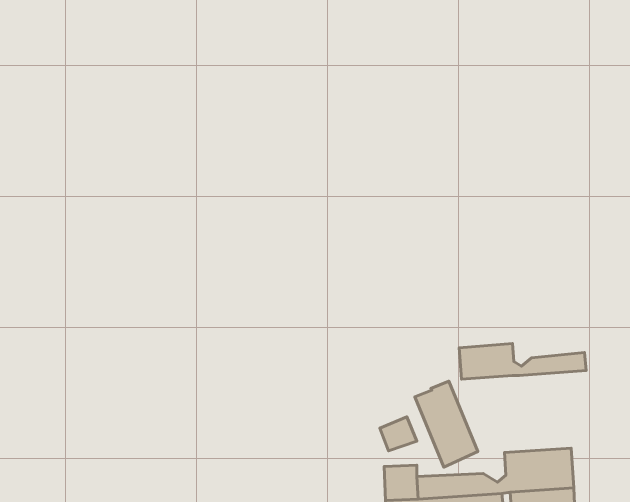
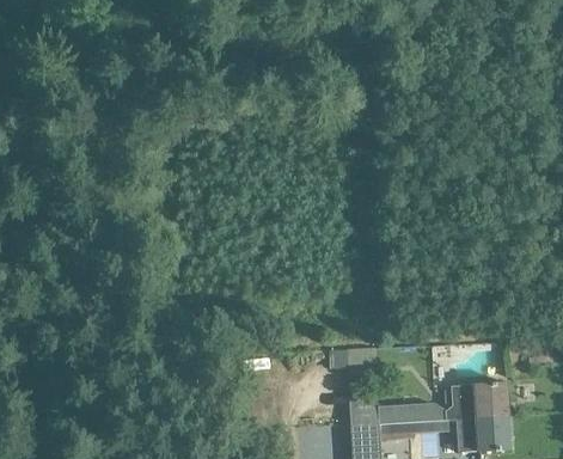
building: [459,344,586,379] -> none
building: [415,381,478,467] -> none

